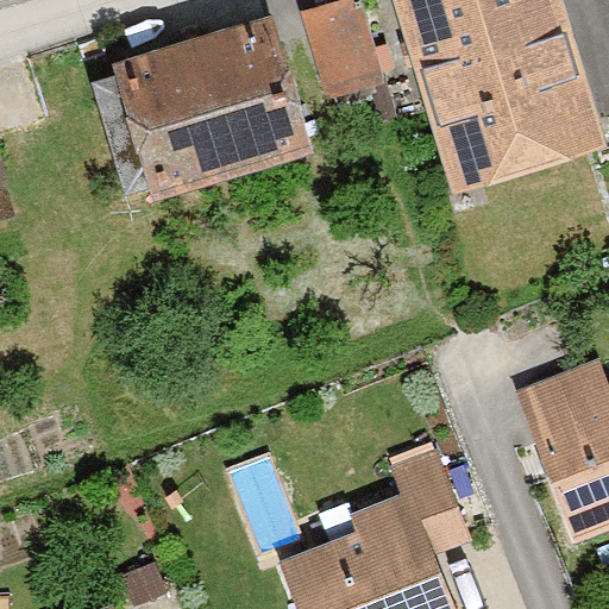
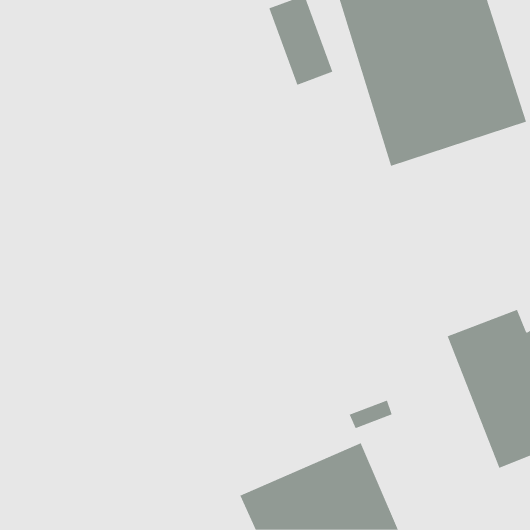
building: [99,20,314,193] -> none

